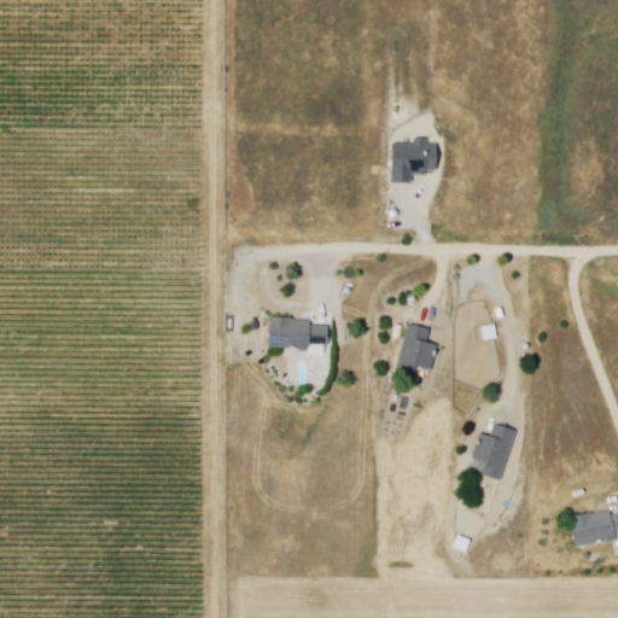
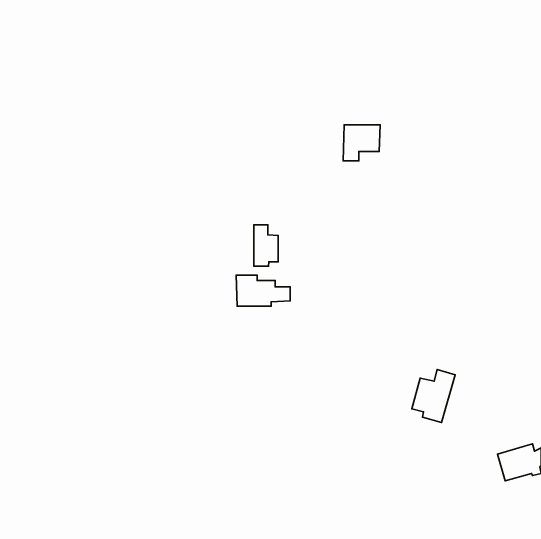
building: none -> [254,225,278,266]
building: [395,320,441,380] -> none

